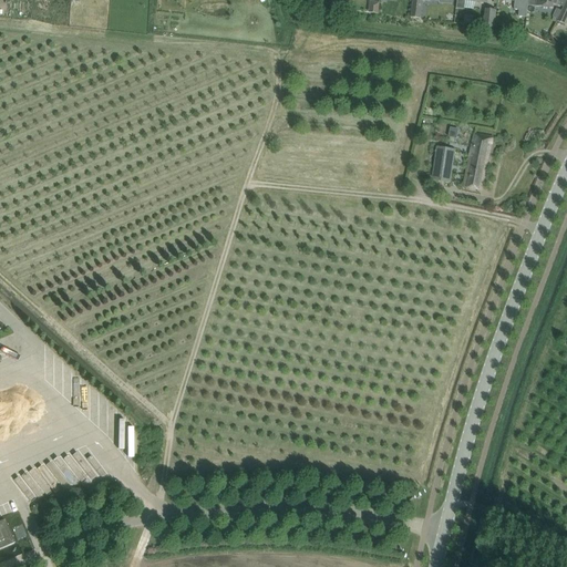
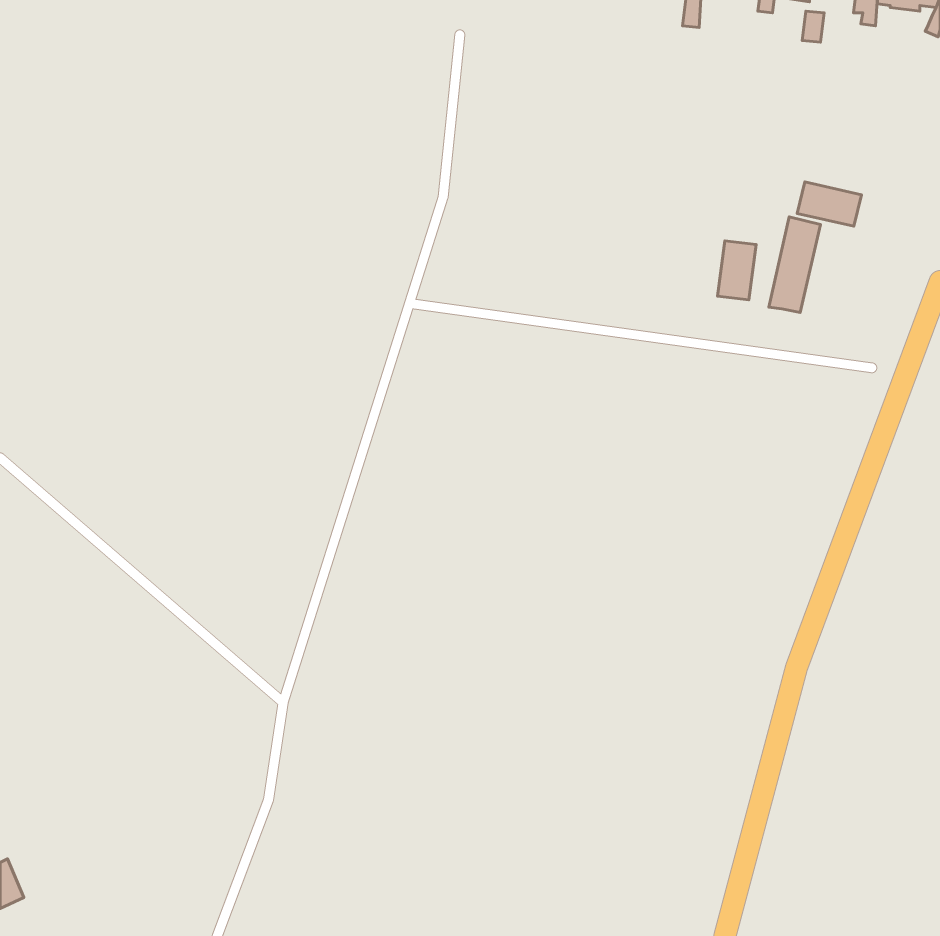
building: none -> [797,182,862,226]

